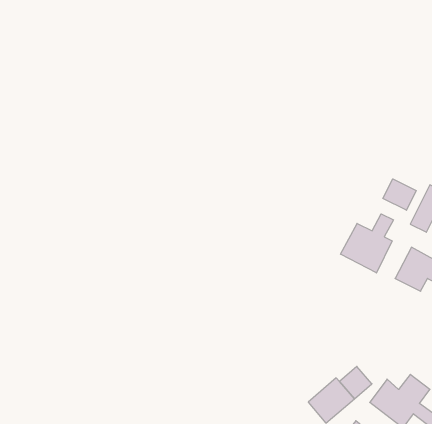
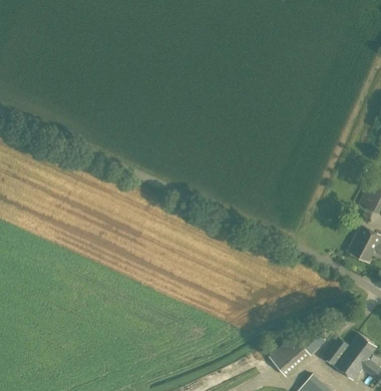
building: [383,179,416,210] -> none
building: [341,214,393,273] -> none

